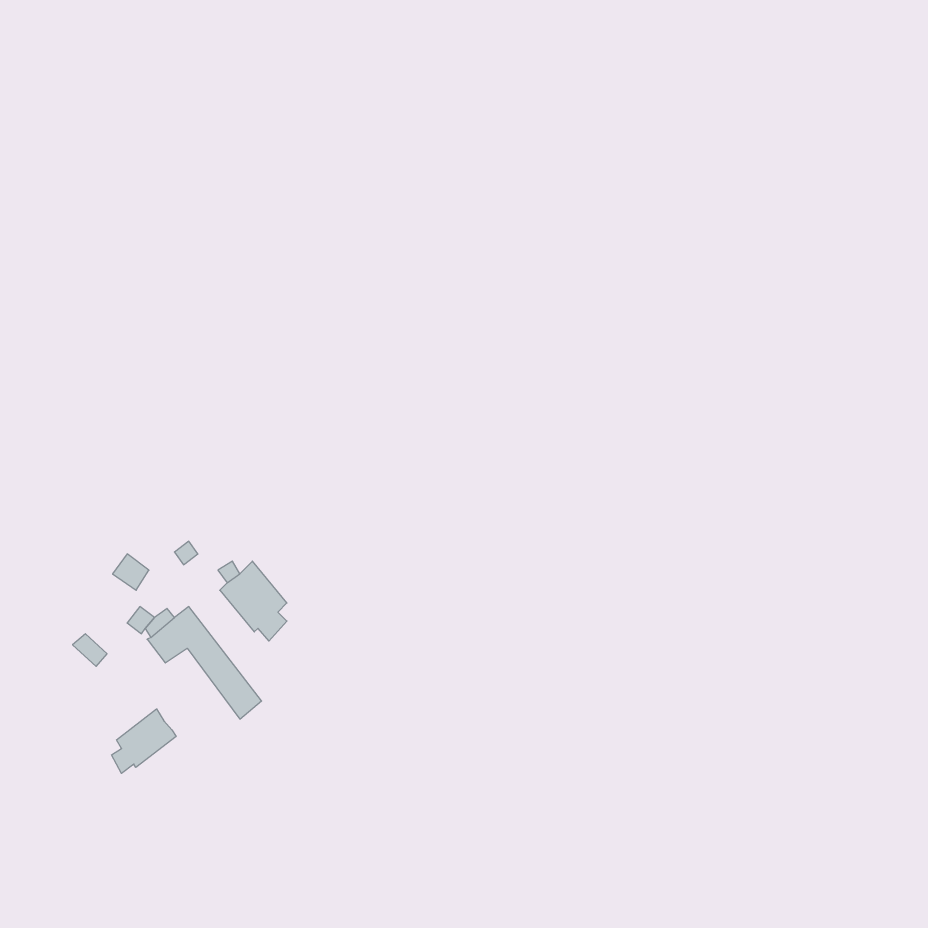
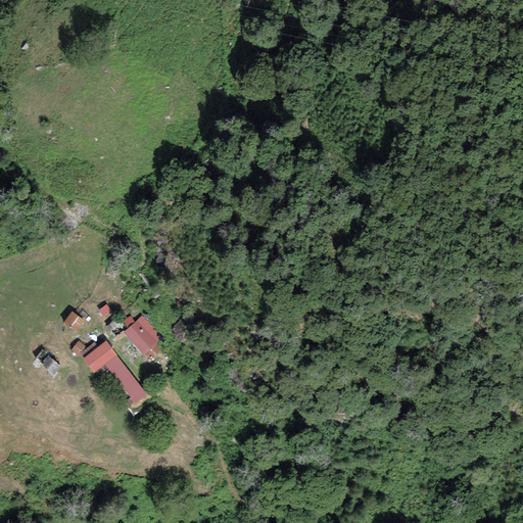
building: [112,709,176,773] -> none

